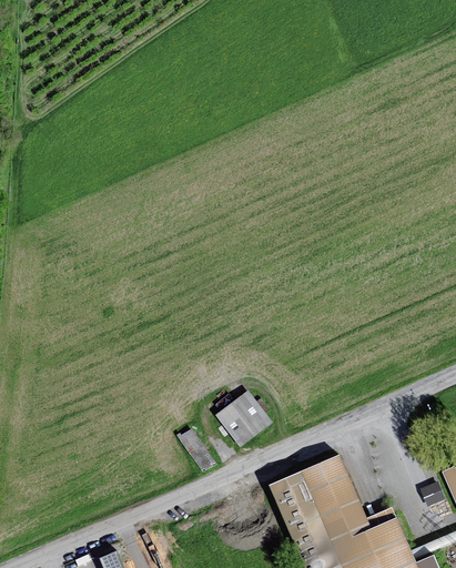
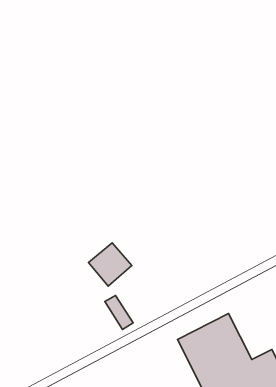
building: [215,392,271,447] -> [88,243,132,286]

